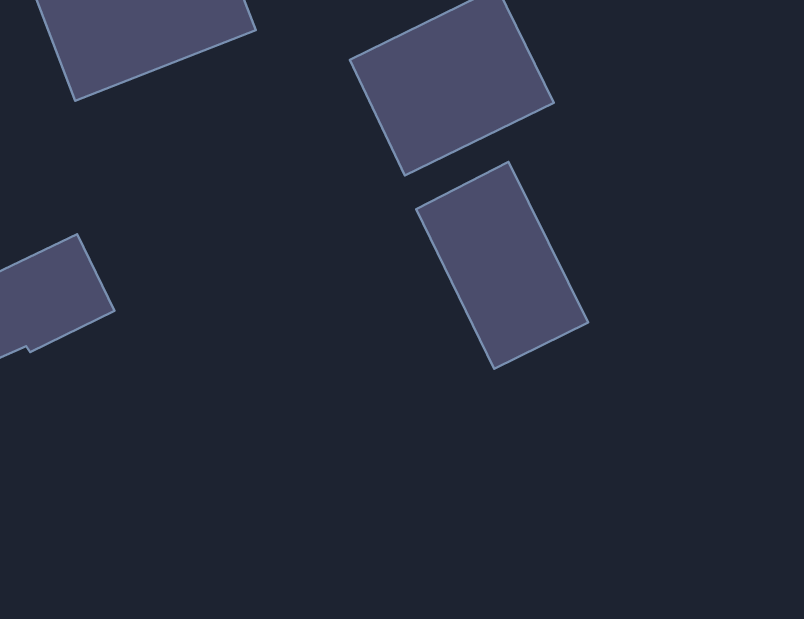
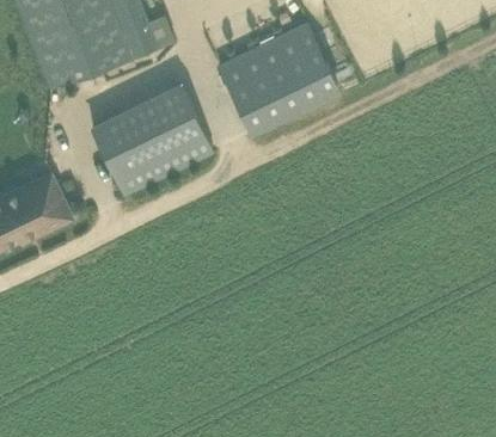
building: none -> [92,84,213,193]
building: [416,162,588,369] -> none

